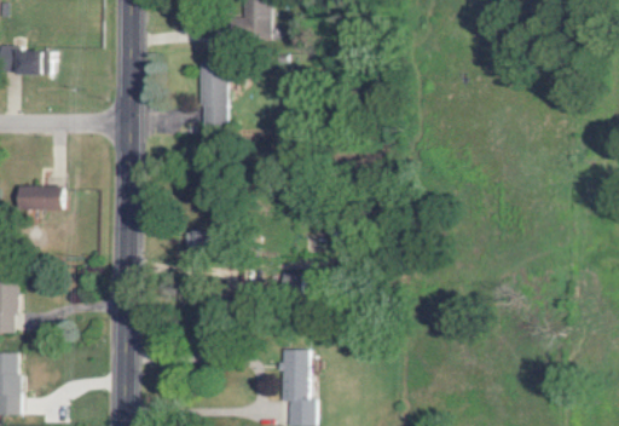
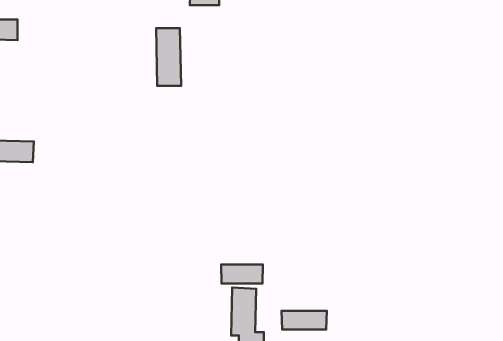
building: none -> [221,264,263,284]
building: none -> [282,311,327,330]

